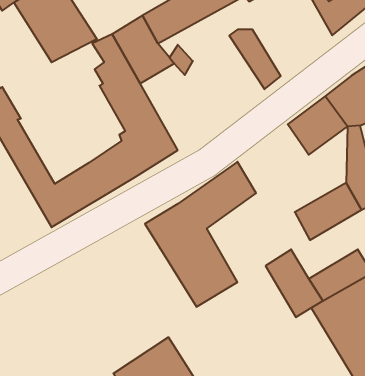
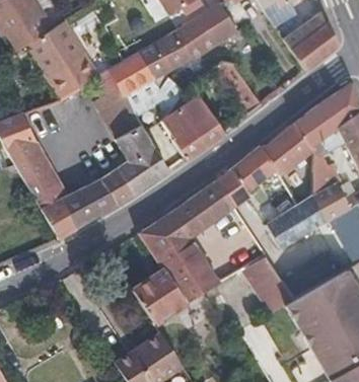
building: none -> [165,94,222,157]
building: none -> [221,144,279,206]
building: none -> [134,270,186,322]

